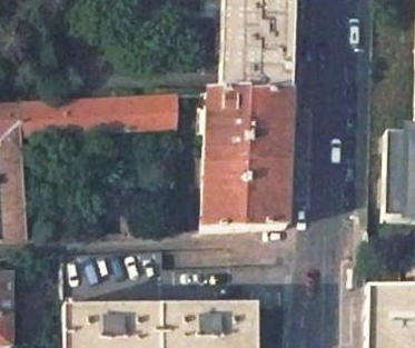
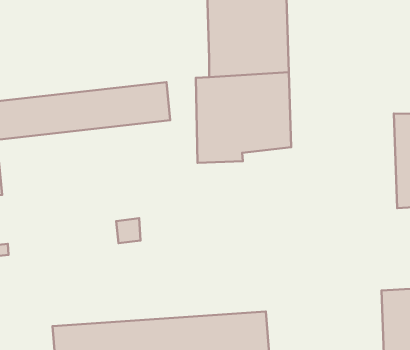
building: [200,158,289,231] -> none

